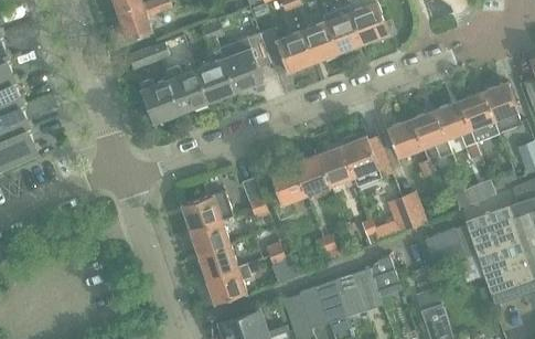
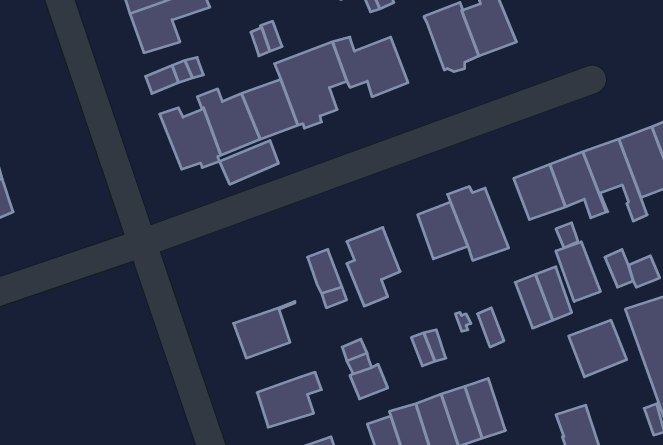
building: [300,20,338,62] -> none
building: none -> [219,140,278,184]
building: [295,155,330,194] -> none
building: none -> [556,242,600,302]
building: [182,191,233,231] -> none
building: [199,244,237,279] -> none
building: [368,255,402,306] -> none

